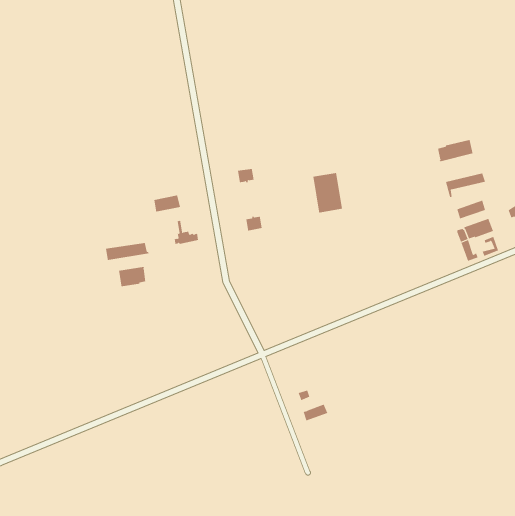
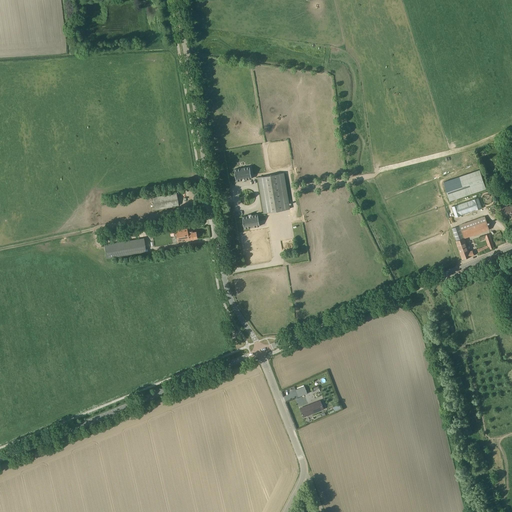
building: [438,139,473,162] -> none
building: [313,173,343,213] -> [260,173,290,213]
building: [119,266,146,287] -> none

